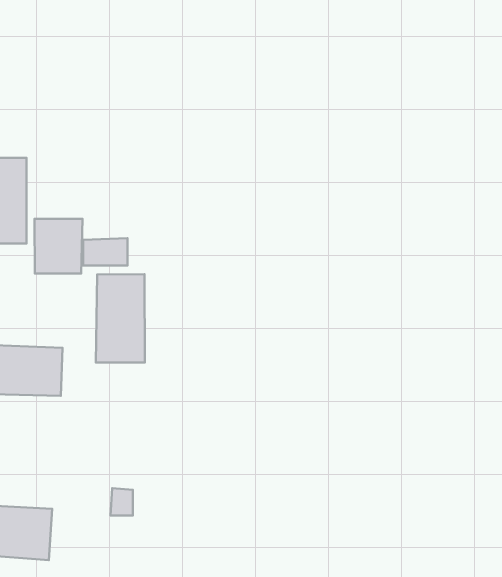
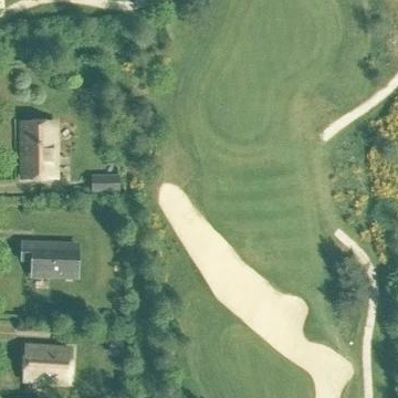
building: [34,219,82,274] -> none
building: [96,274,145,362] -> none

